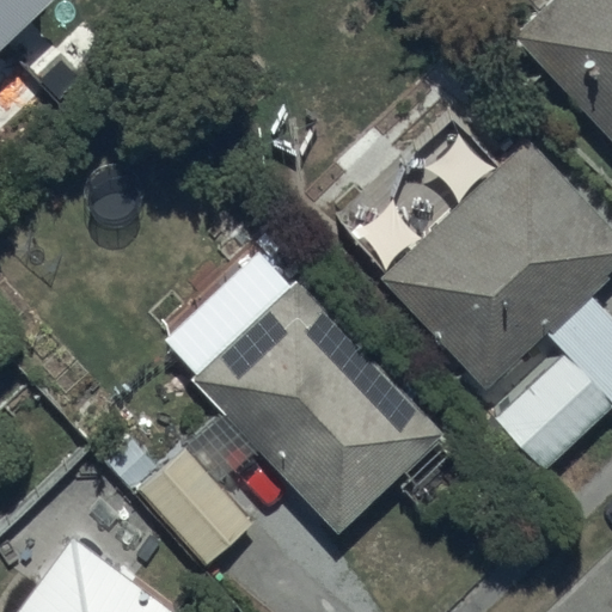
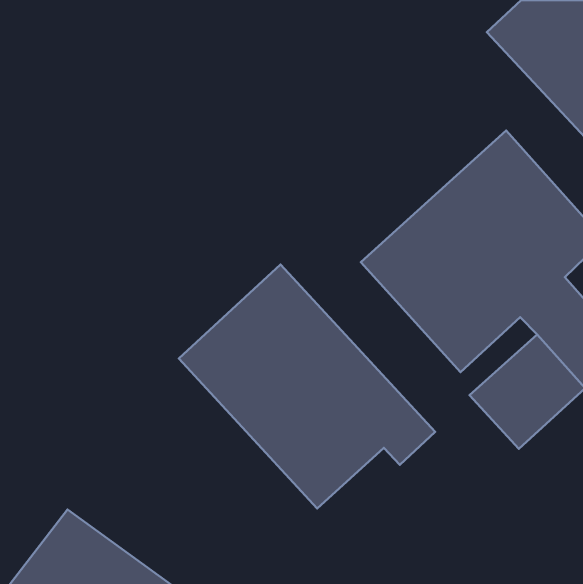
building: [106,435,255,568] -> none

